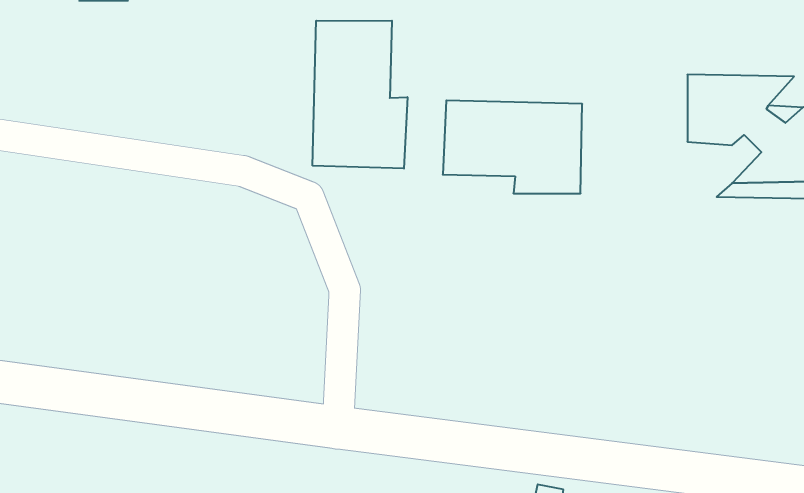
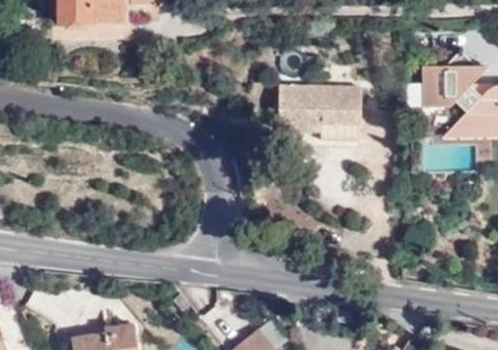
building: [313,21,407,169] -> none

